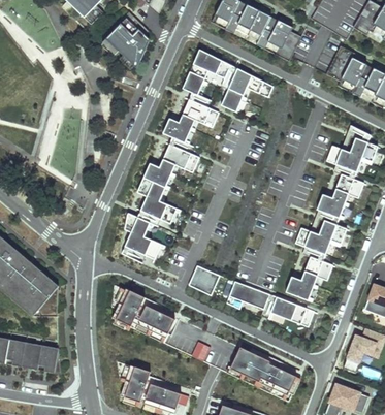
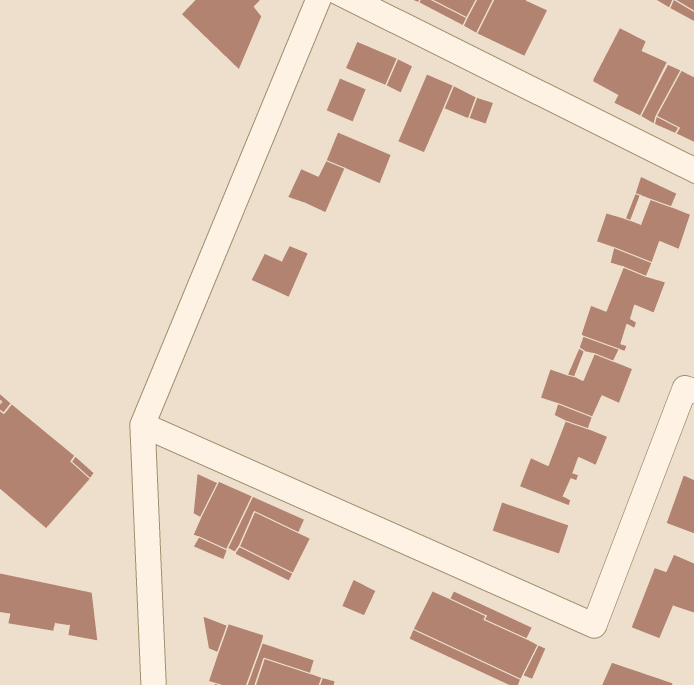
building: [163,146,198,173] -> none
building: [139,185,165,222] -> none
building: [125,220,150,257] -> none
building: [188,265,219,295] -> none
building: [228,283,268,311] -> none

